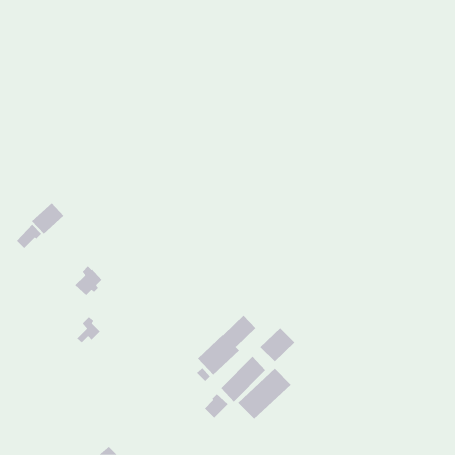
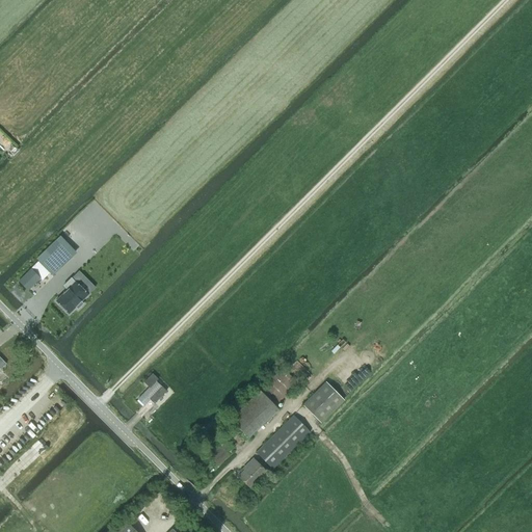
building: [75,266,102,296] -> [56,277,88,313]
building: [76,316,101,343] -> [138,373,166,404]
building: [237,368,292,420] -> none

